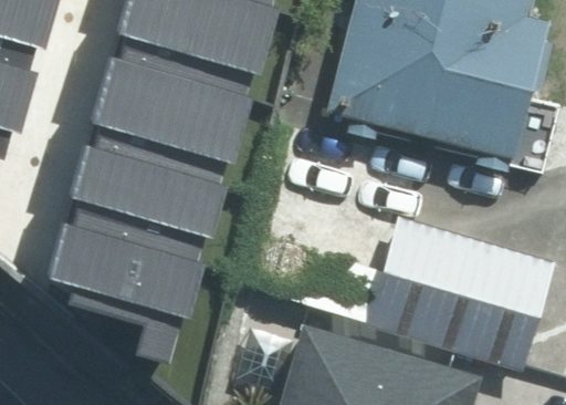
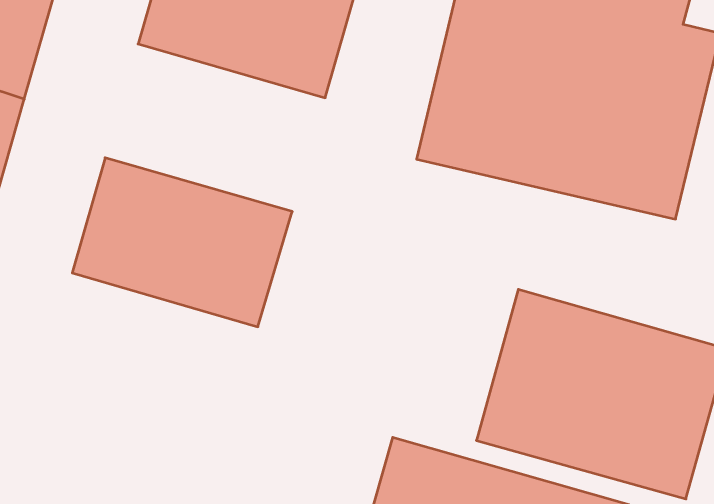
building: [94,34,256,158] -> none
building: [50,204,207,312] -> none

